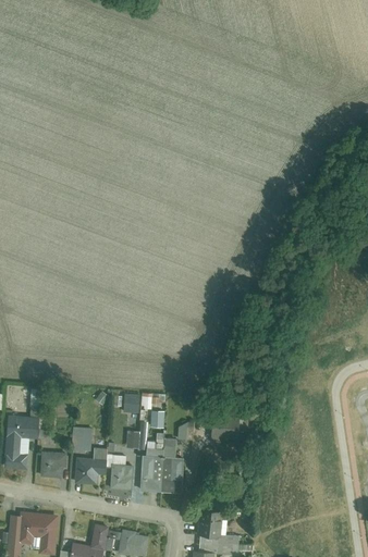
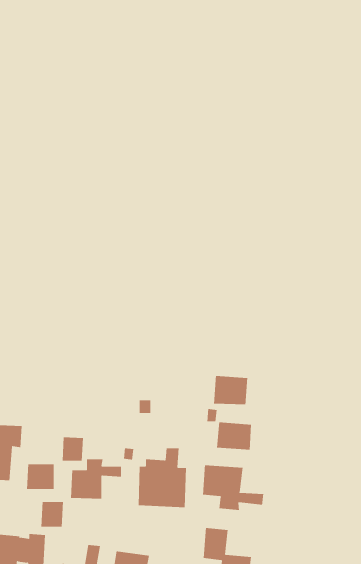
building: none -> [213,375,248,405]
building: none -> [203,464,264,511]
building: [111,466,132,488] -> [41,501,64,527]

